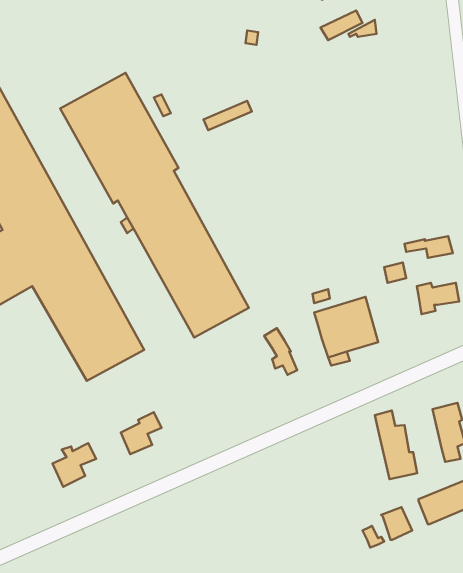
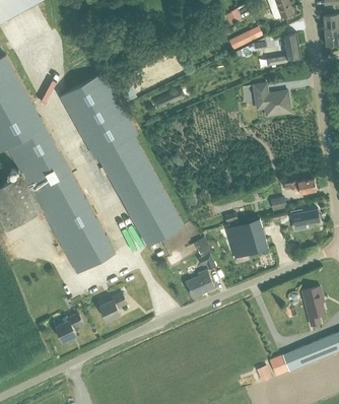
building: none -> [266,33,300,66]
building: none -> [253,83,289,116]
building: none -> [185,270,213,297]
building: [375,411,417,479] -> none

